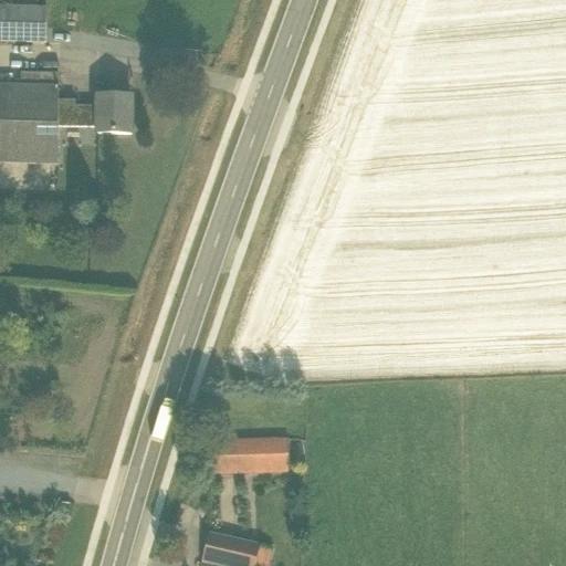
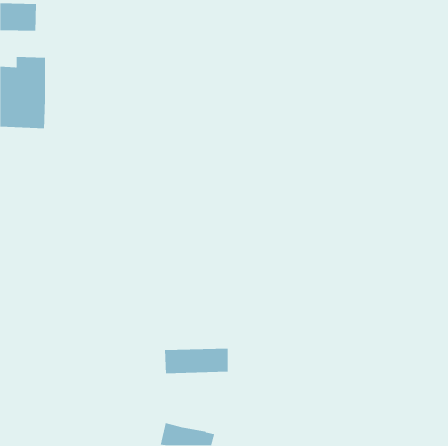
building: [57,95,130,132] -> none

